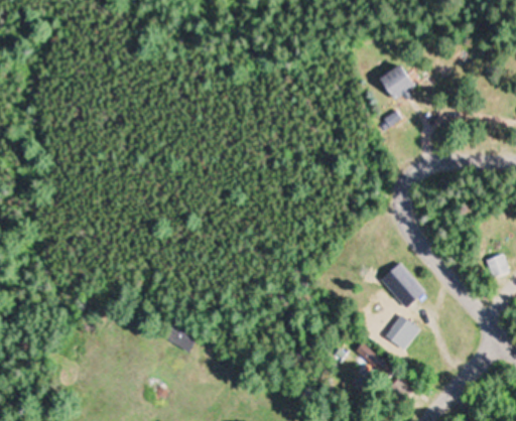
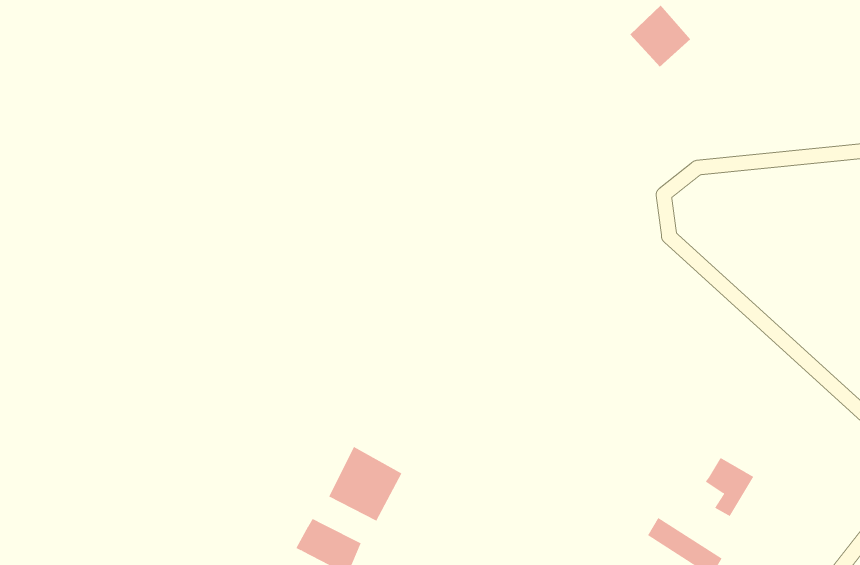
building: [380,260,424,305] -> none
building: none -> [329,446,402,522]

